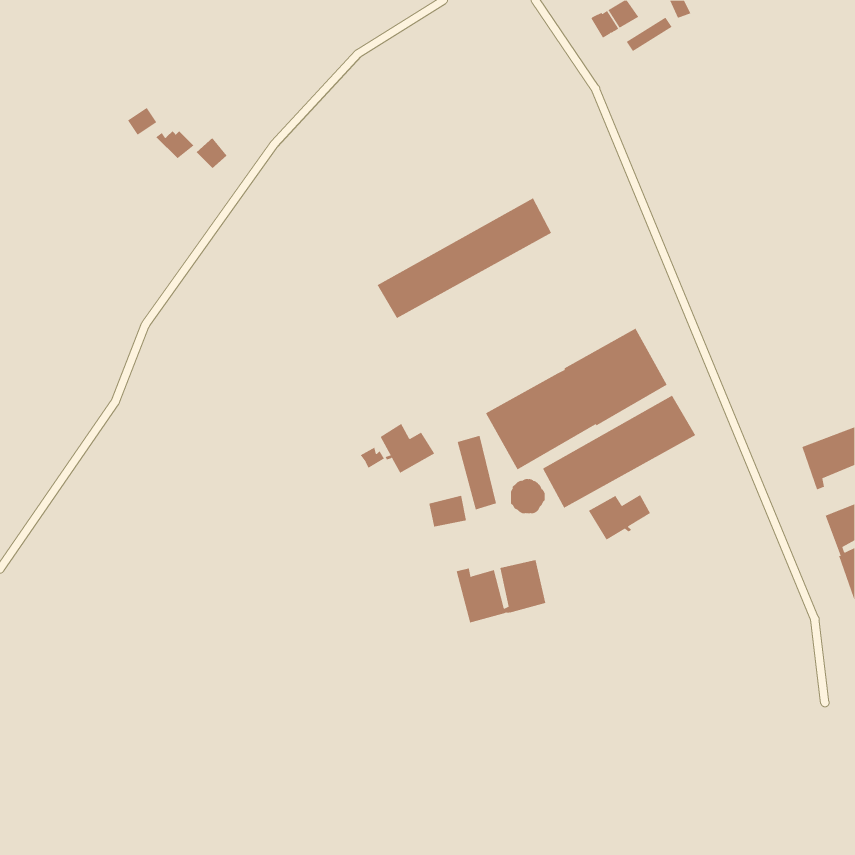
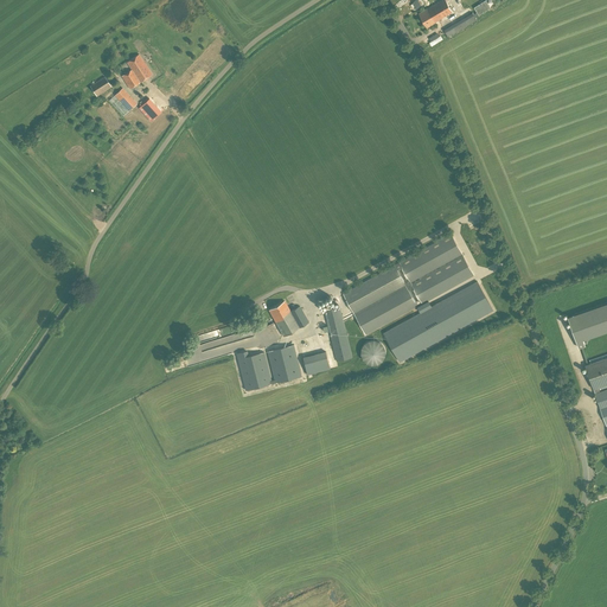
building: none -> [122,53,152,89]
building: [377,198,552,319] -> none
building: [588,494,651,540] -> none
building: [456,560,546,623] -> [237,345,301,390]

